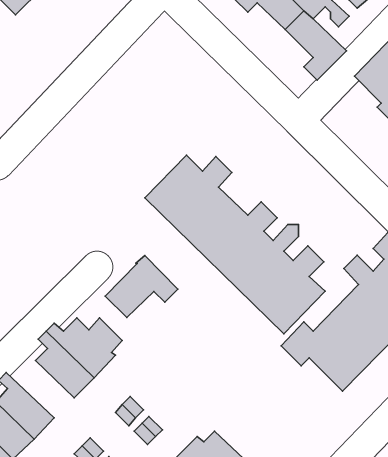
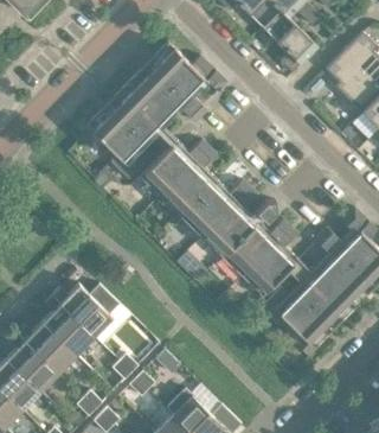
building: none -> [86,42,226,179]
building: [105,256,178,317] -> none
building: none -> [15,321,76,372]

